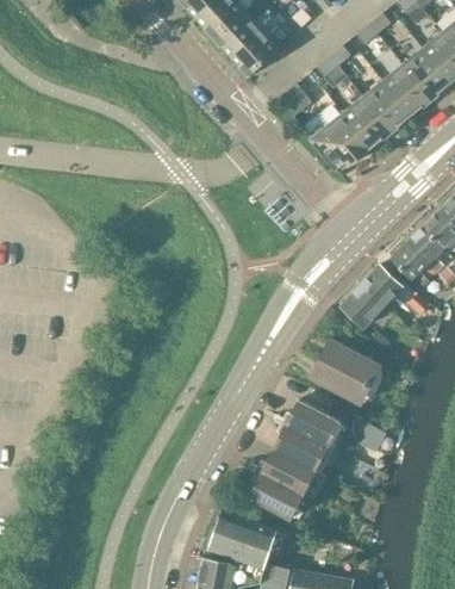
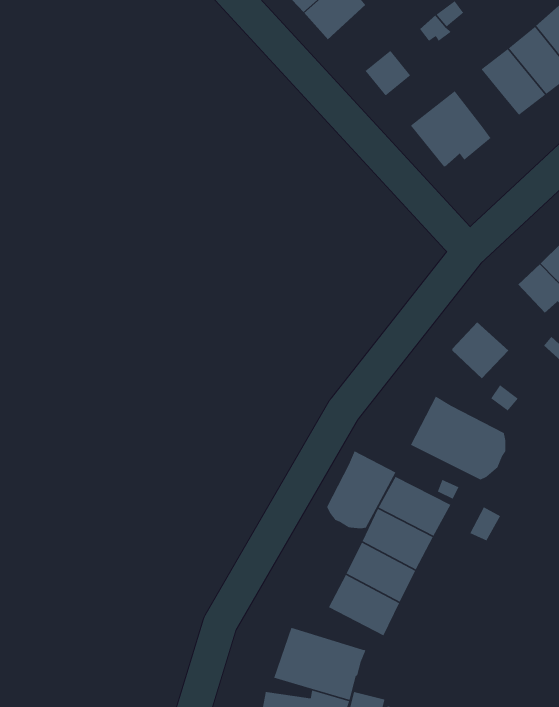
building: [343,98,391,149] -> none
building: [360,265,403,306] -> none
building: none -> [326,450,397,529]

